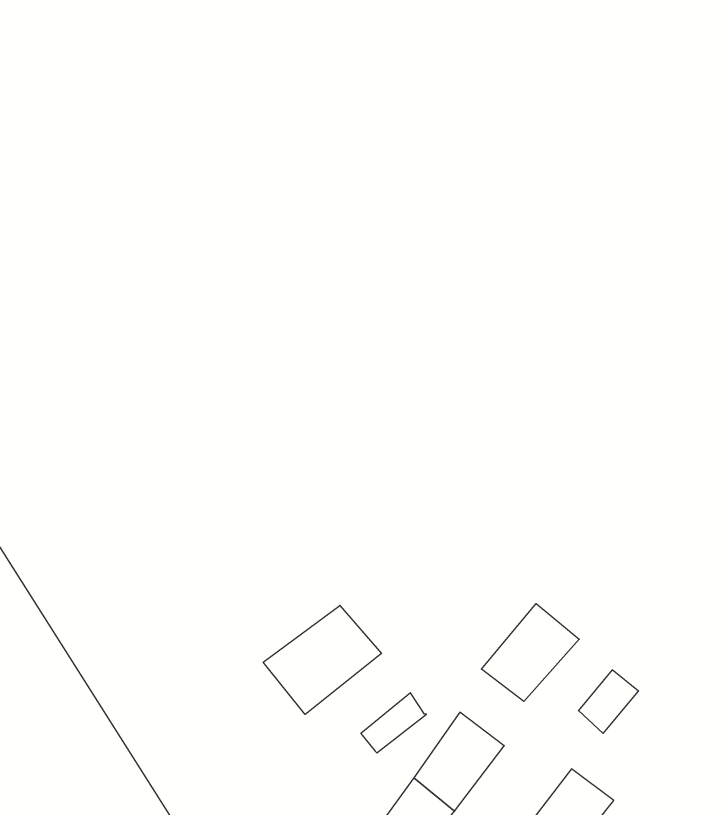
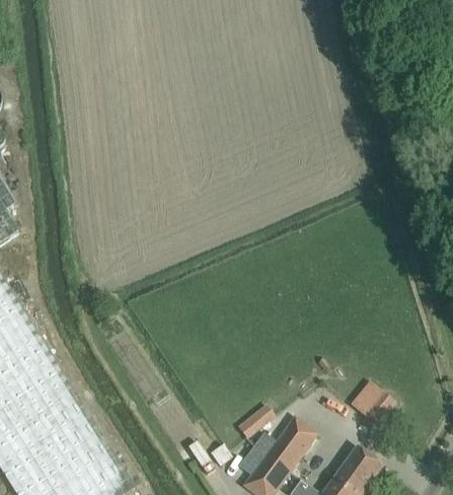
building: [481,604,579,701] -> none
building: [263,605,382,714] -> none

